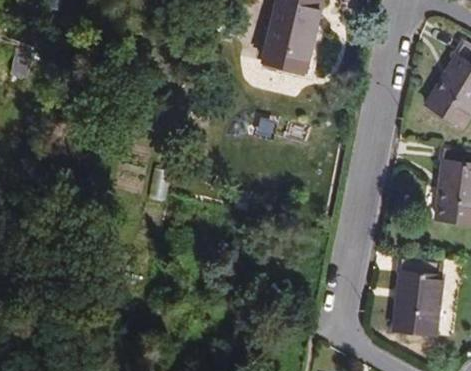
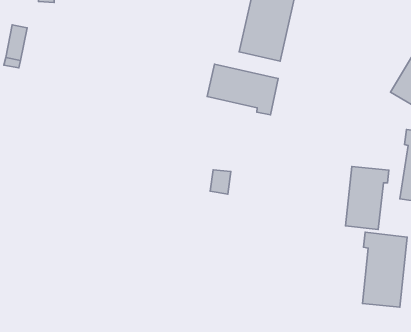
building: none -> [207,64,278,115]
building: none -> [346,166,389,229]

